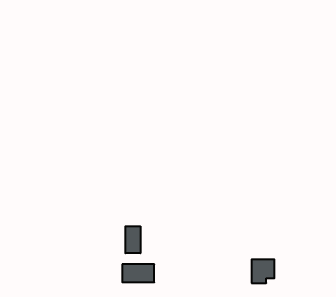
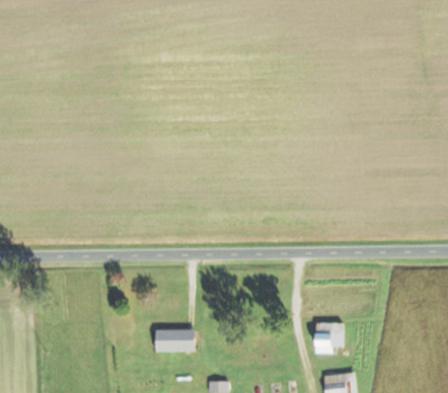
building: [125,226,140,253] -> none

